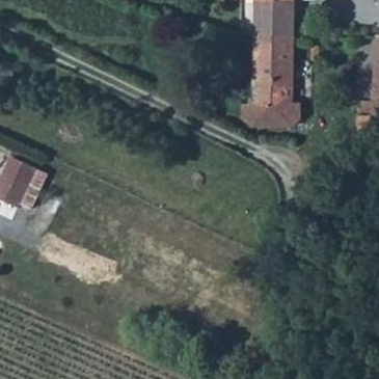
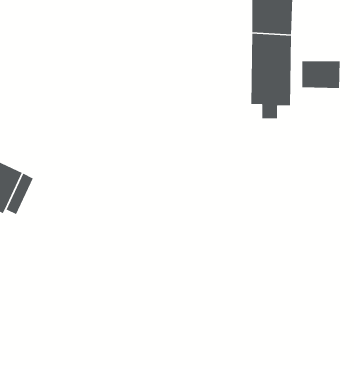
building: none -> [302,61,340,89]

